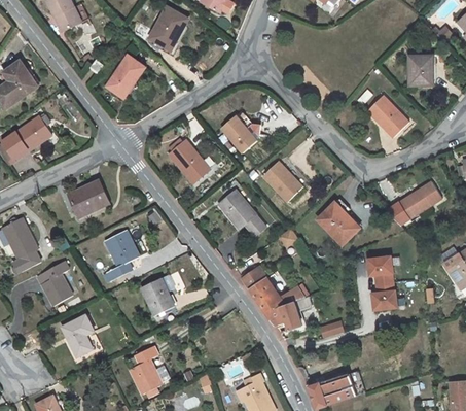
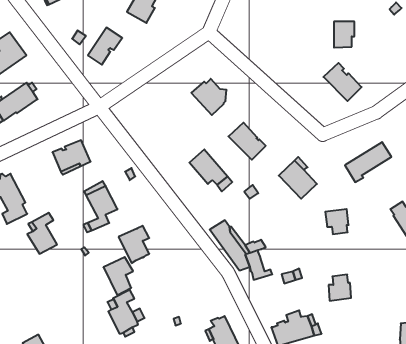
building: [409,57,432,85] -> [334,22,354,48]
building: [168,139,209,182] -> none
building: [372,282,397,311] -> [329,275,351,301]
building: [61,315,94,357] -> [103,257,133,295]

